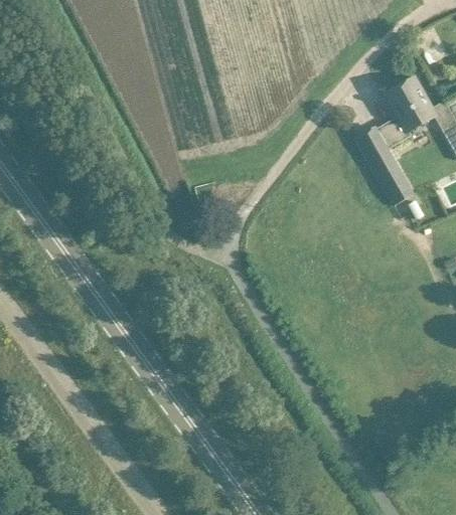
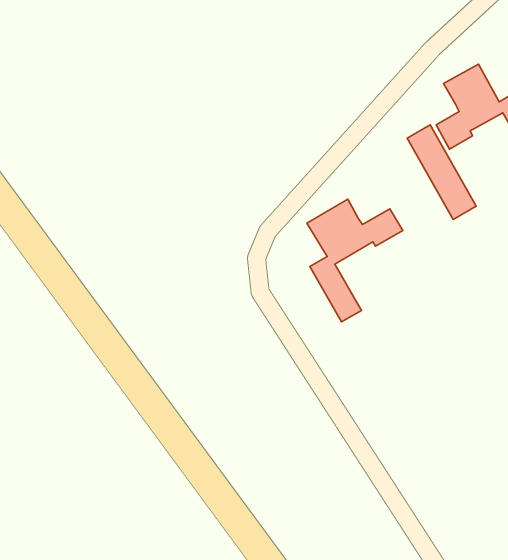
building: none -> [307,199,403,322]

